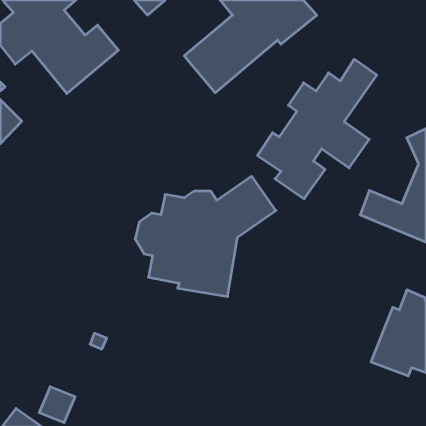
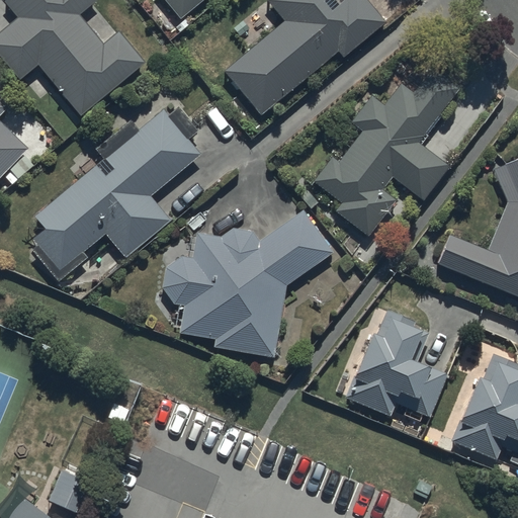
building: none -> [28,107,197,277]
building: none -> [344,309,446,416]

